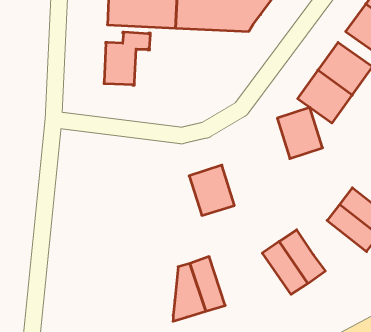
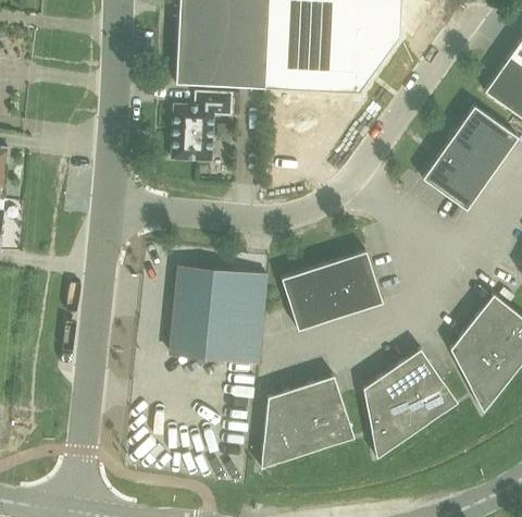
building: [277,107,323,159] -> [324,251,383,318]
building: none -> [171,268,266,364]
building: none -> [450,337,511,413]
building: none -> [308,377,355,447]
building: none -> [363,380,413,458]

